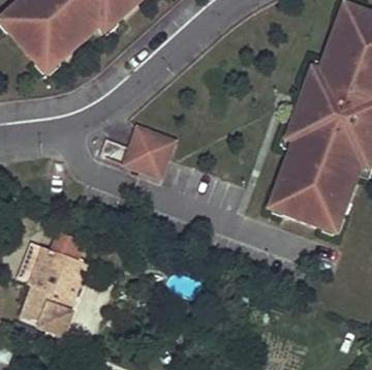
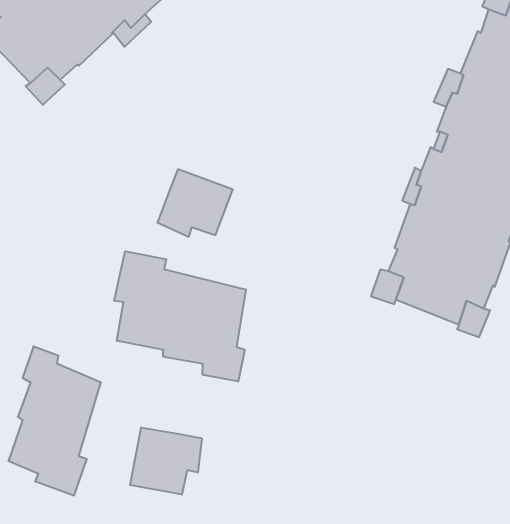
building: none -> [114,251,246,382]
building: none -> [130,427,202,495]

